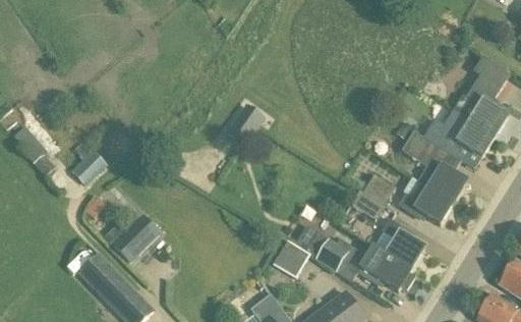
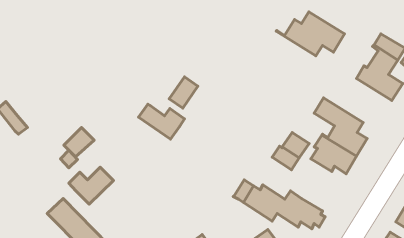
building: [412,109,495,162] -> [276,12,344,56]
building: none -> [138,104,184,139]
building: [66,154,103,190] -> [64,127,94,157]
building: [382,218,424,269] -> none
building: [273,239,309,277] -> none

